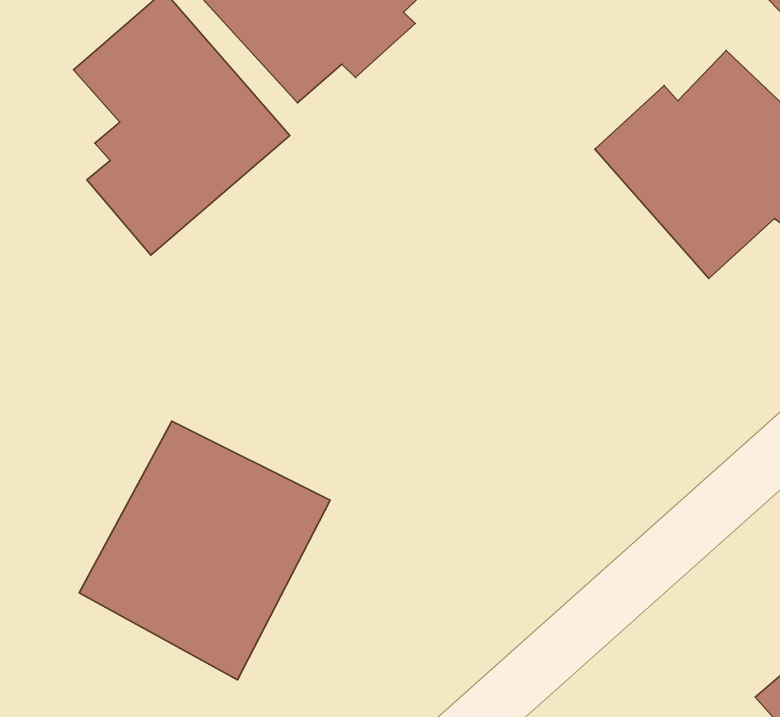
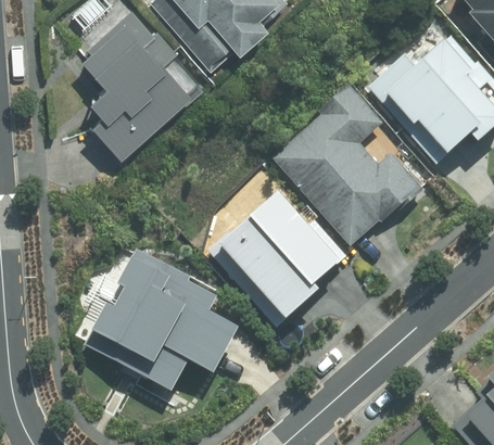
building: none -> [270,96,417,242]
building: none -> [207,191,345,330]

